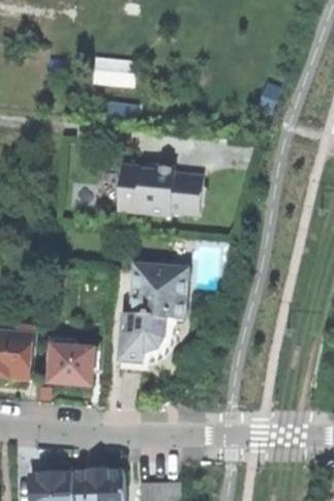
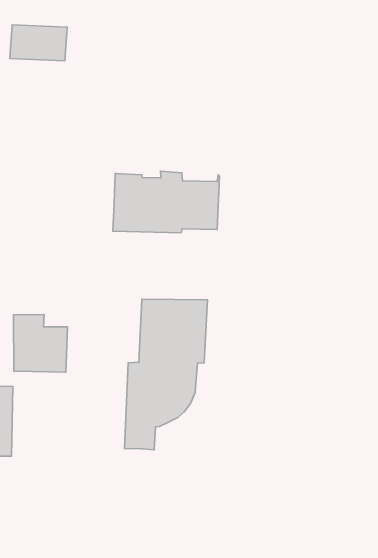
building: [96,55,142,85] -> [10,25,67,61]
building: [50,340,93,386] -> [13,315,67,372]

